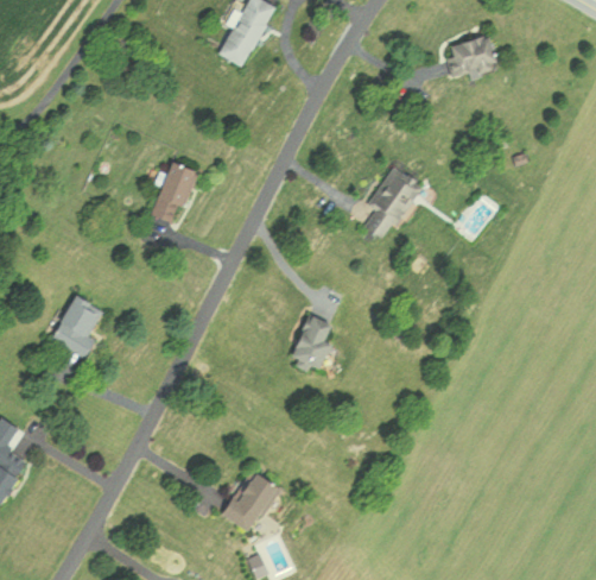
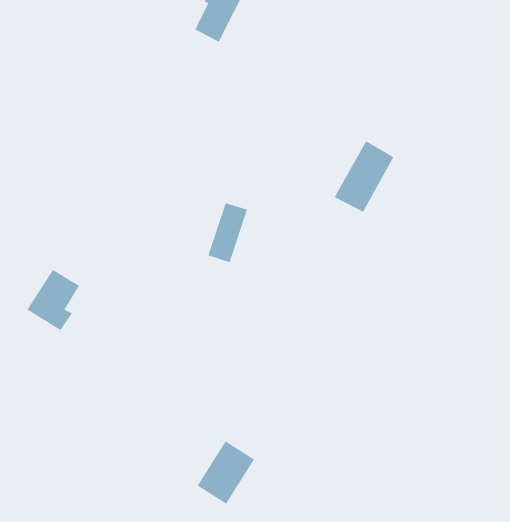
building: [448,33,499,76] -> none
building: [154,164,195,225] -> [208,202,248,263]
building: [285,313,329,370] -> none

